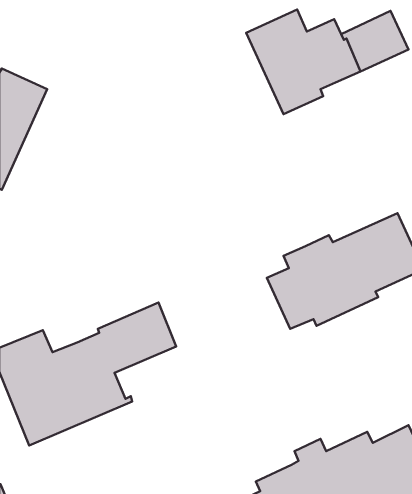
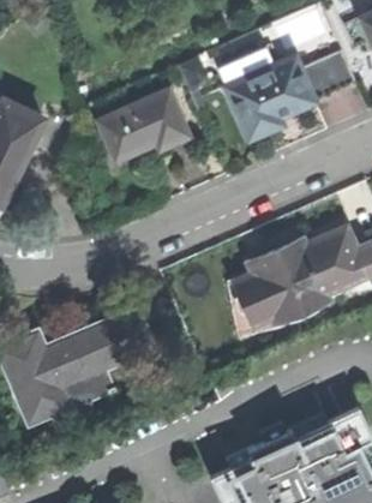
building: none -> [97,89,188,161]

